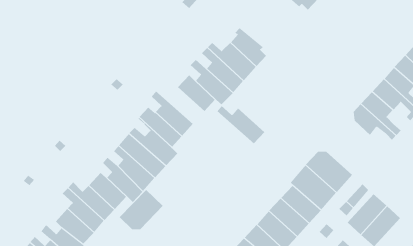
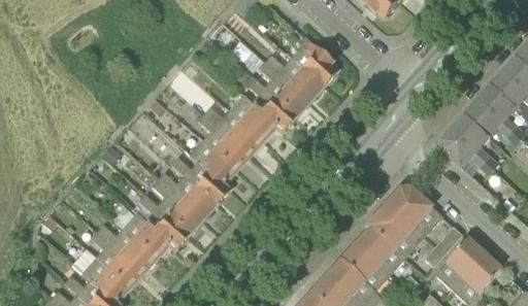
building: [216,105,265,144] -> [203,106,262,154]
building: [119,189,164,230] -> none

